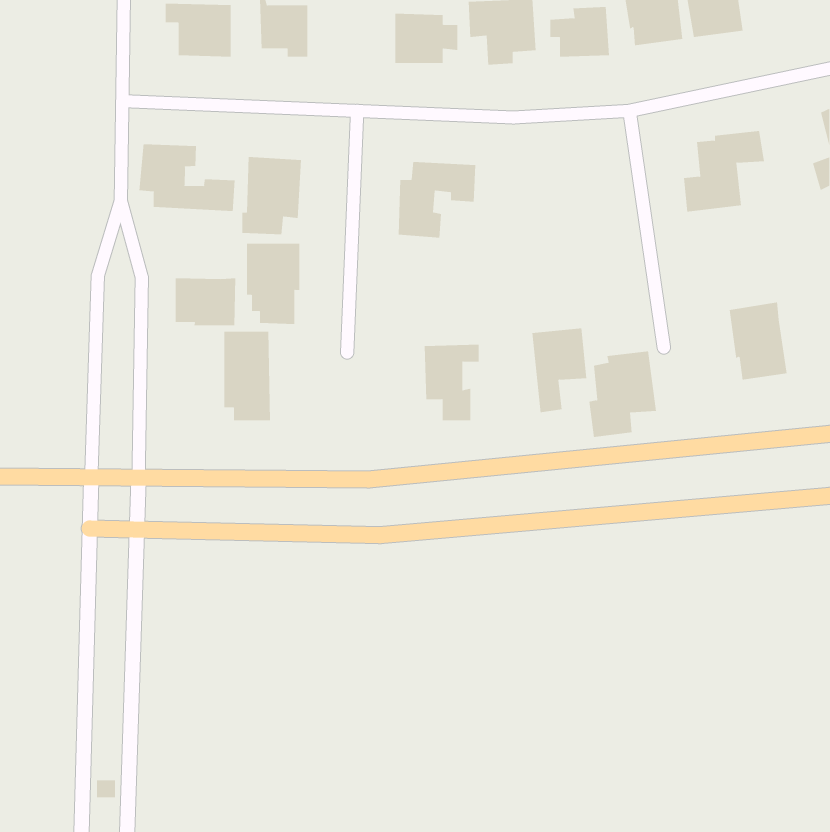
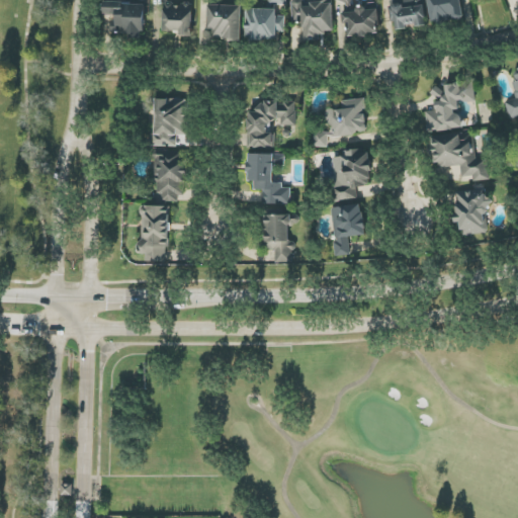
building: none -> [206,4,241,38]
building: [139,144,235,212] -> none
building: none -> [312,98,365,147]
building: none -> [430,133,489,181]
building: none -> [247,153,289,203]
building: [175,278,236,326] -> none
building: [588,351,657,437] -> [329,148,371,201]

